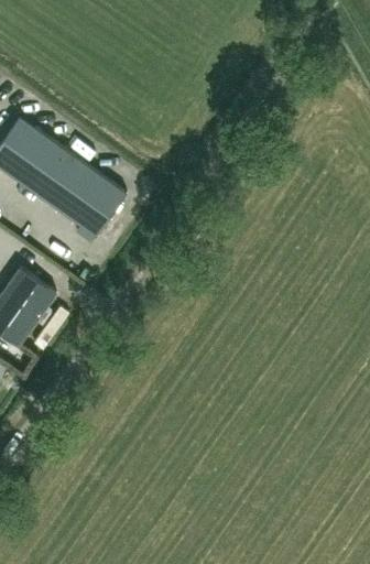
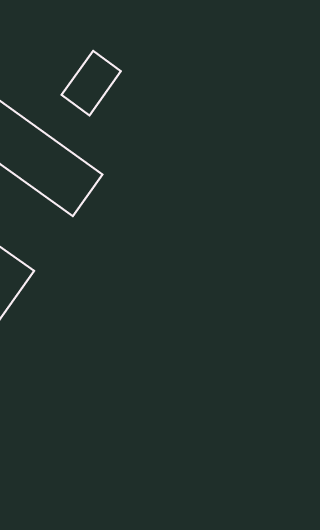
building: none -> [61,51,121,115]

